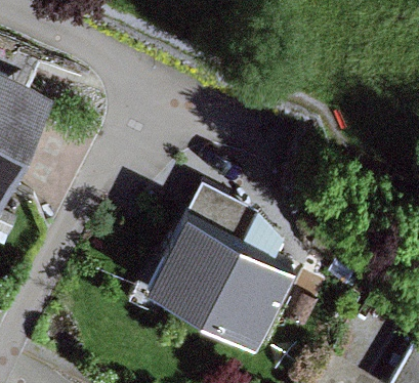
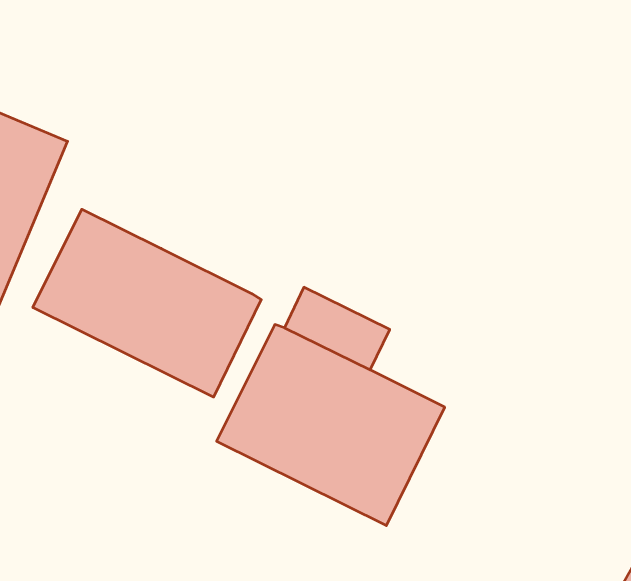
building: none -> [33,209,261,397]

